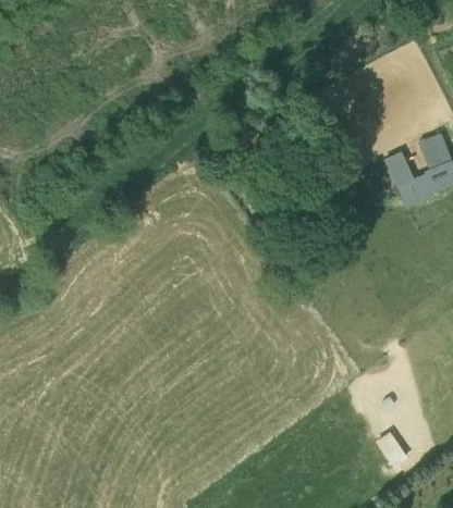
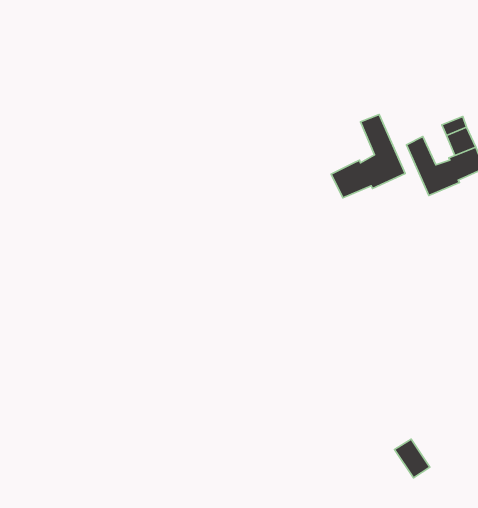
building: none -> [331,115,405,198]

